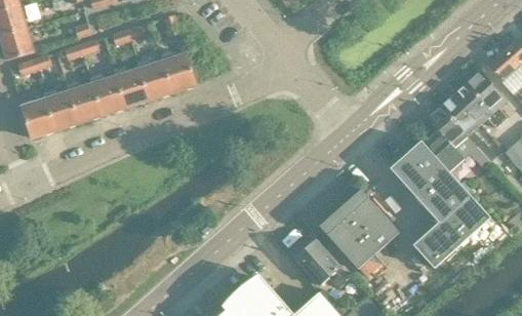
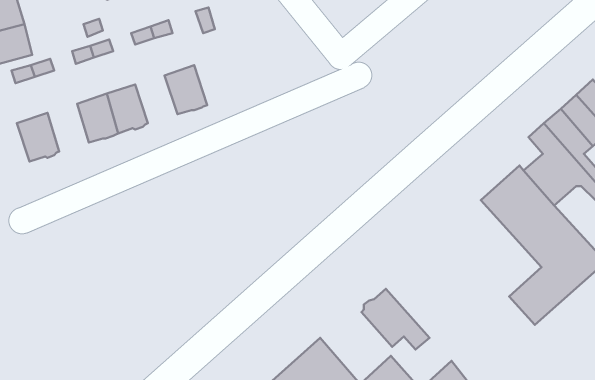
building: [162,53,196,92] -> none
building: [115,69,149,107] -> none
building: [45,91,78,129] -> none
building: [319,189,399,269] -> none

